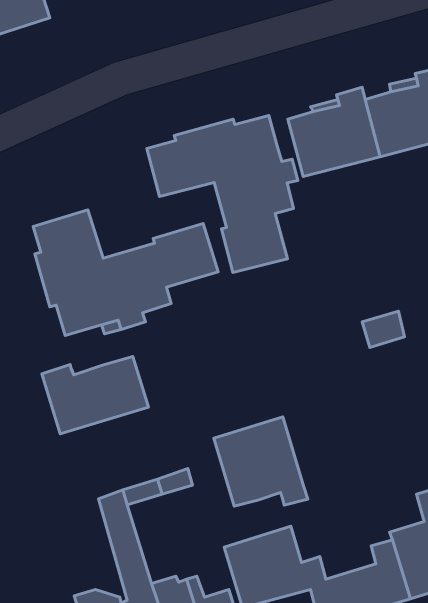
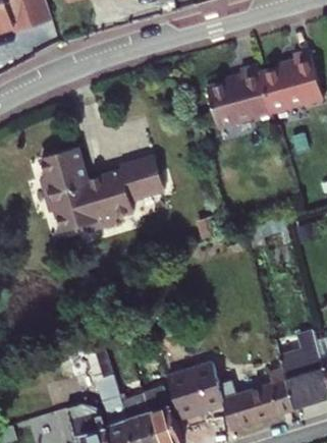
building: [147,115,298,273] -> none
building: [42,357,149,434] -> none
building: [214,417,308,506] -> none

